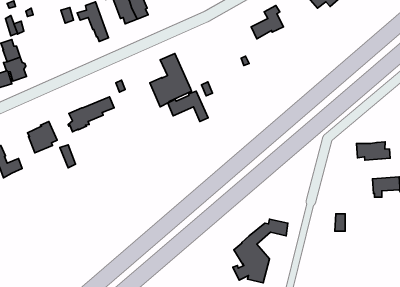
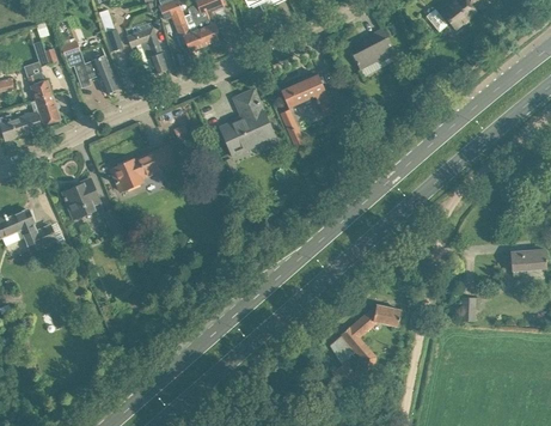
building: none -> [61,41,117,92]
building: [168,91,208,121] -> [280,74,332,114]
building: [356,142,390,160] -> none

